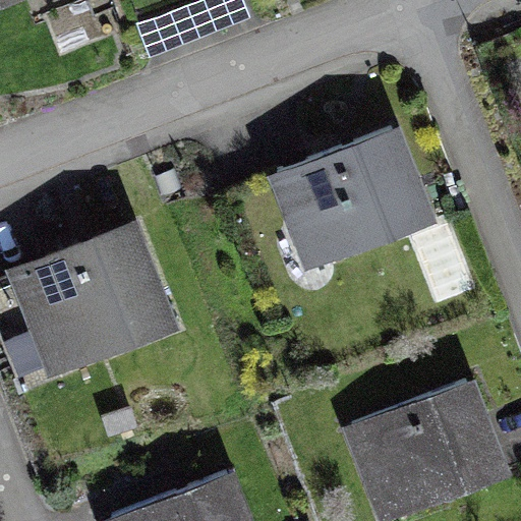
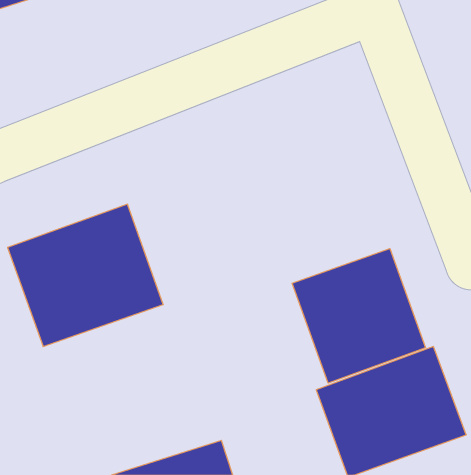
building: [269,128,437,277] -> none
building: none -> [292,249,425,383]

